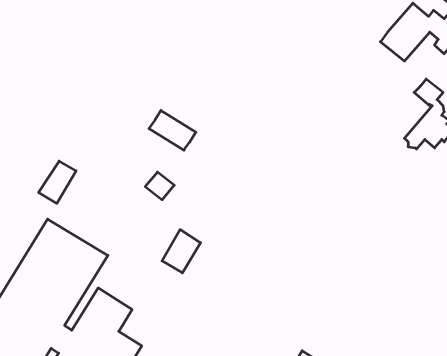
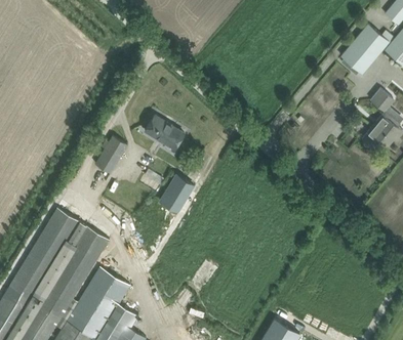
building: [39,161,76,203] -> [95,138,127,174]
building: [162,230,201,273] -> [160,176,193,213]

